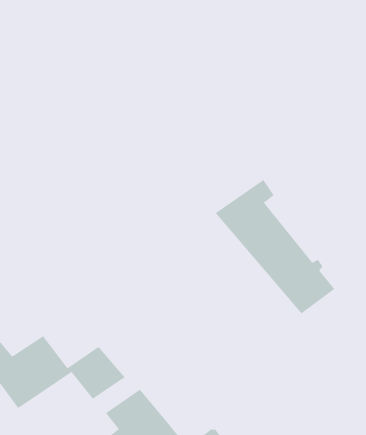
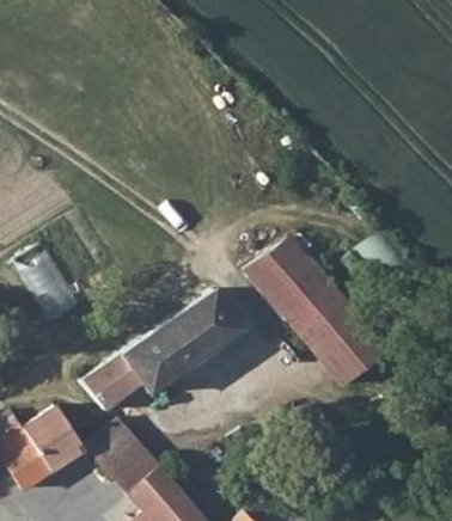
building: none -> [20,246,85,324]
building: none -> [87,292,245,409]

